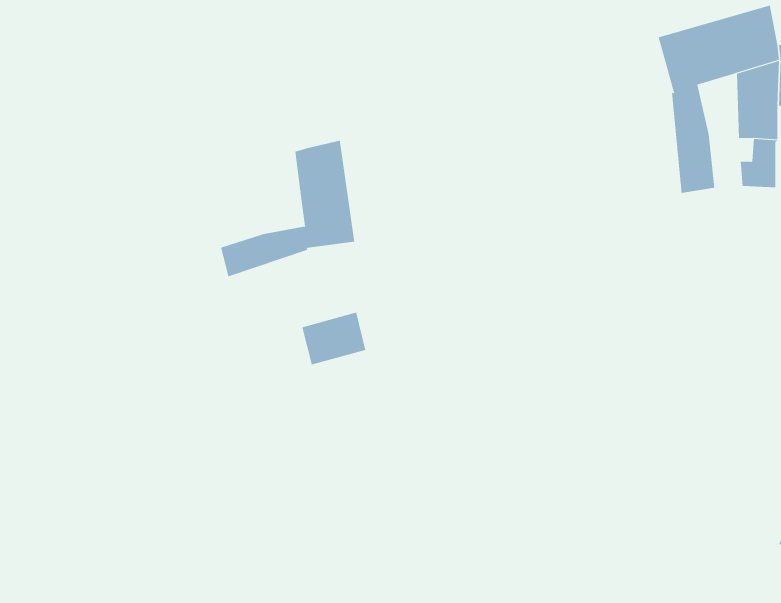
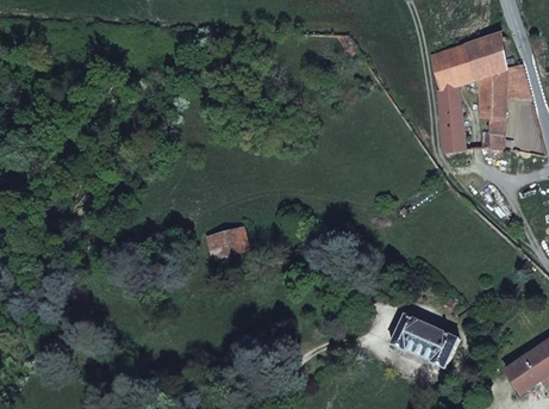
building: [221,140,355,277] -> none
building: none -> [392,314,457,366]

